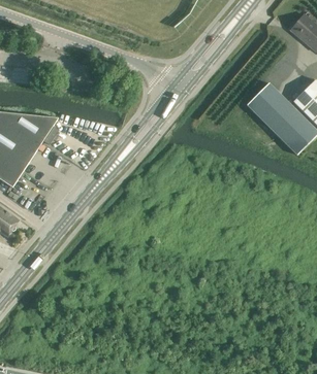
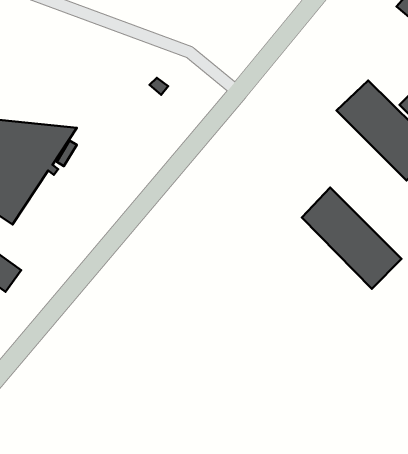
building: none -> [302,188,402,289]

